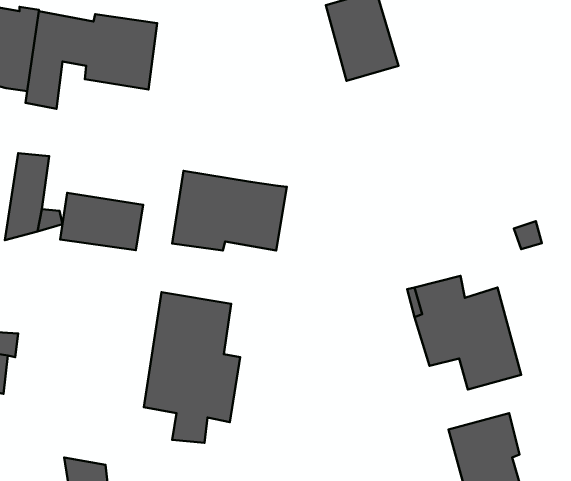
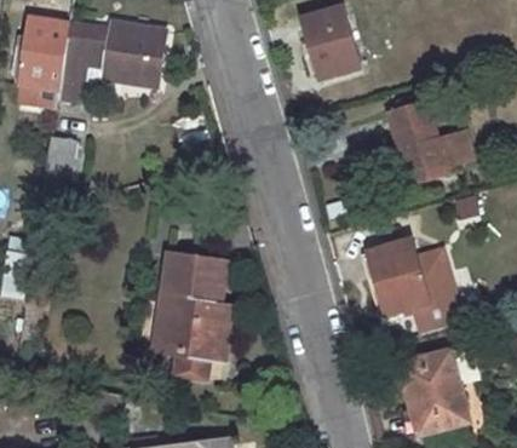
building: none -> [387,103,470,183]
building: [172,171,287,251] -> none
building: [60,193,143,250] -> none

